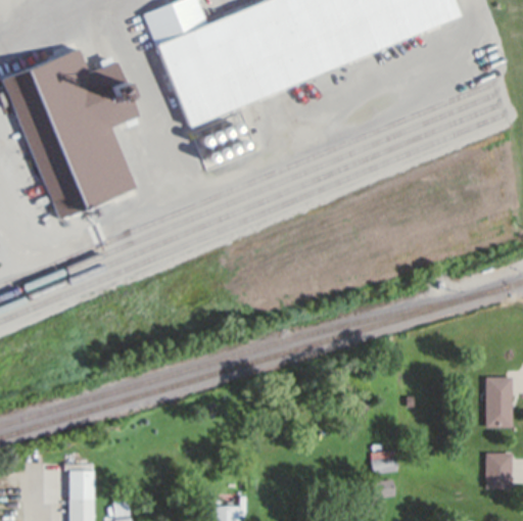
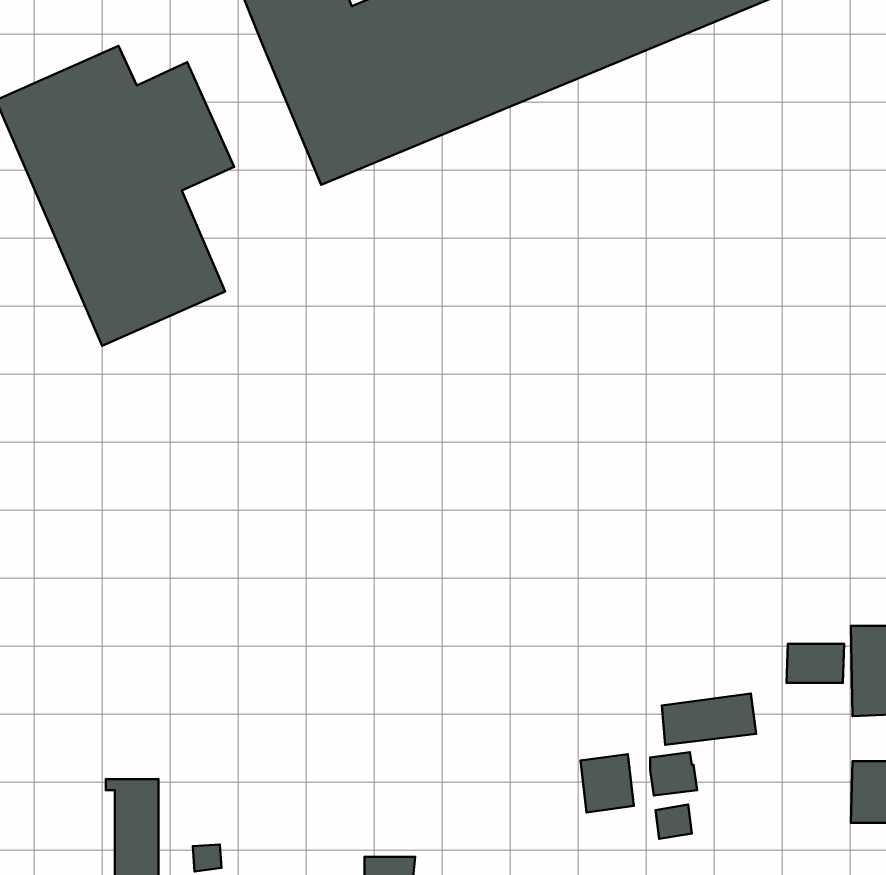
building: none -> [786,644,844,683]
building: none -> [662,693,756,745]
building: none -> [580,754,634,812]

